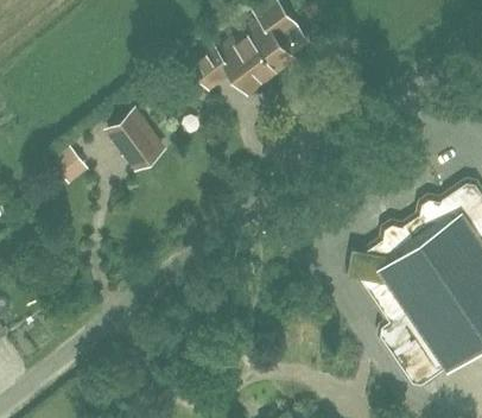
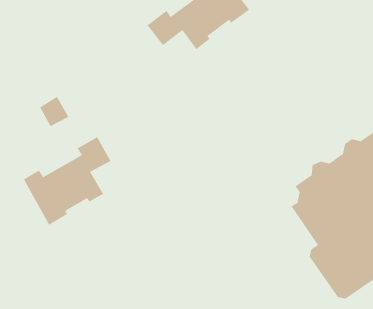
building: [107,114,161,172] -> none
building: none -> [23,136,112,226]

